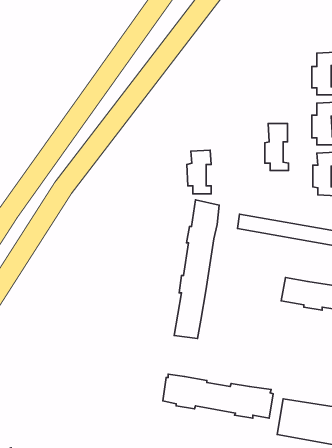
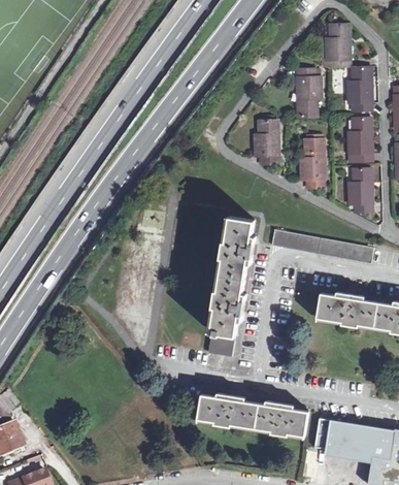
building: none -> [327,24,351,67]
building: none -> [298,67,322,116]
building: [187,150,211,194] -> [253,119,277,163]

